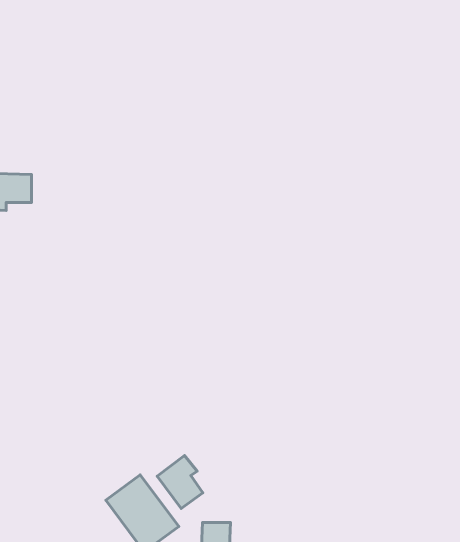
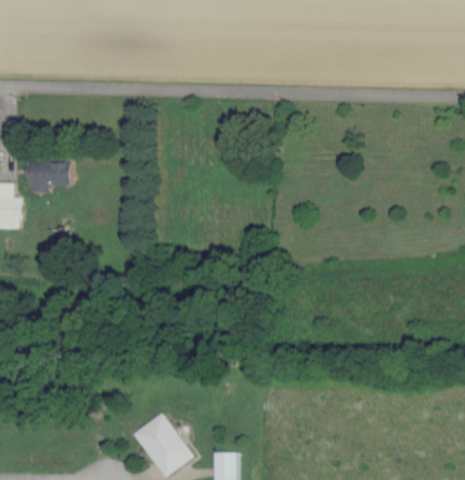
building: [157,455,203,508] -> none

